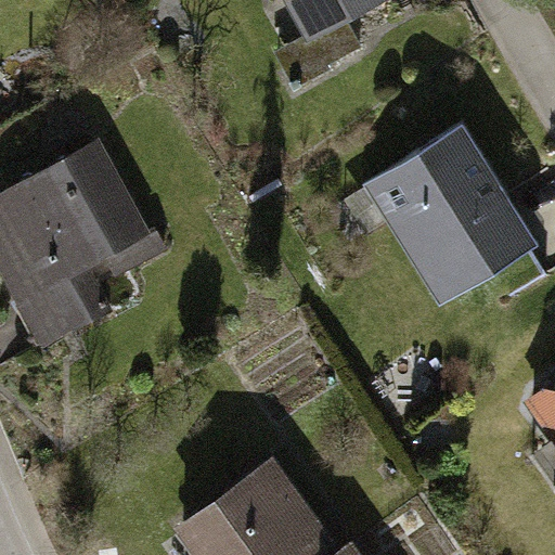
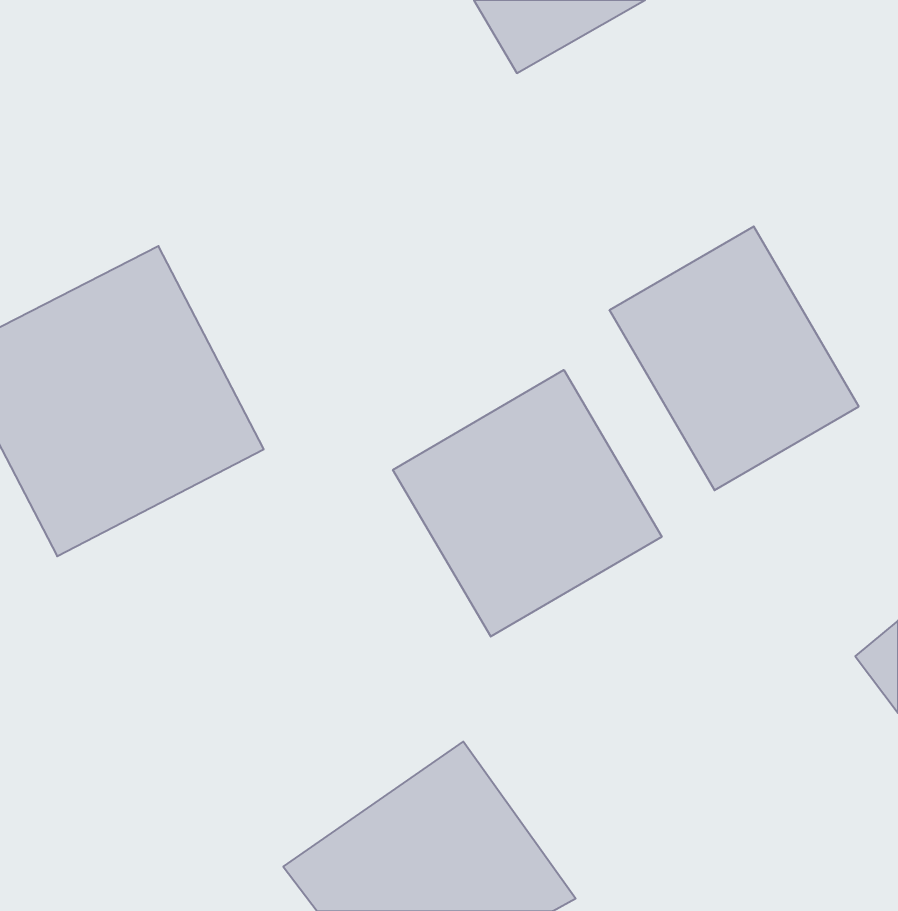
building: none -> [393,370,662,637]

